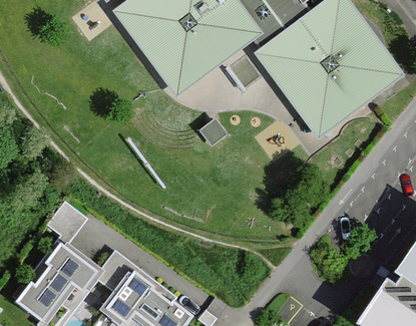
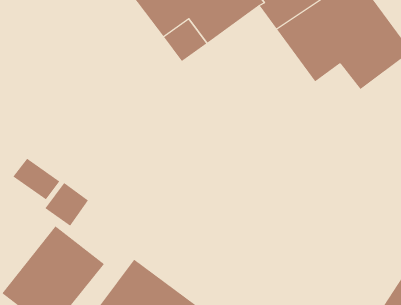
building: [301,87,343,129] -> none
building: none -> [13,158,60,200]

